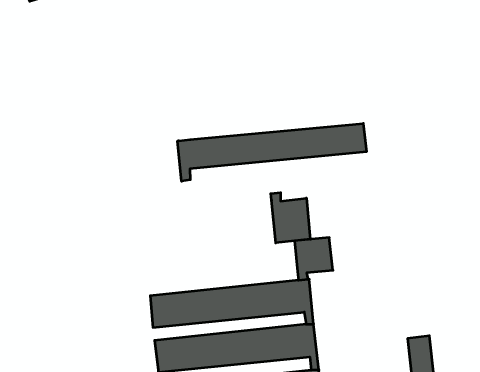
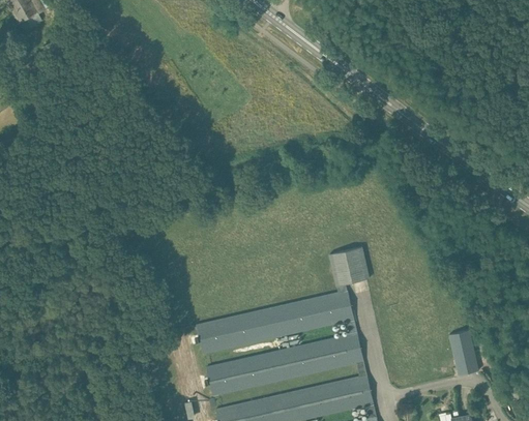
building: [178,123,366,181] -> none
building: [271,193,310,243] -> none

